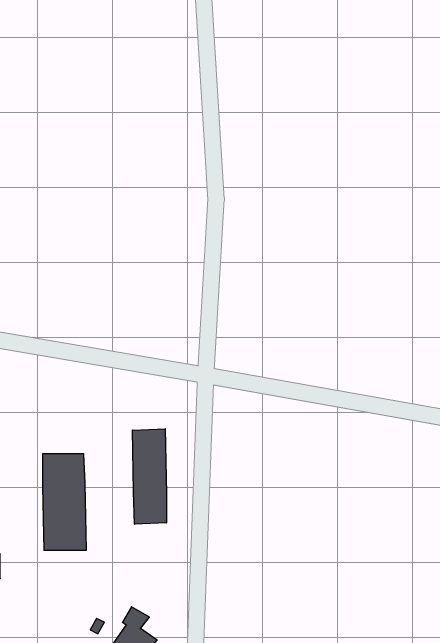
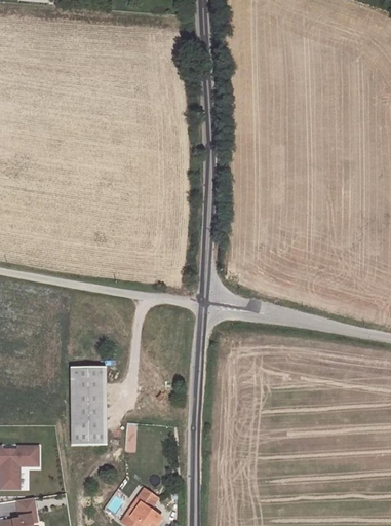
building: [132,429,166,524] -> none

